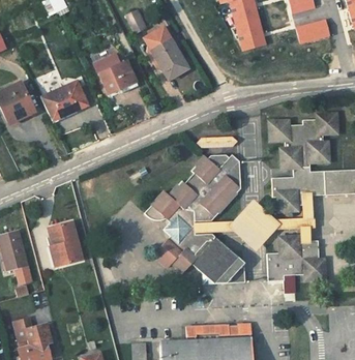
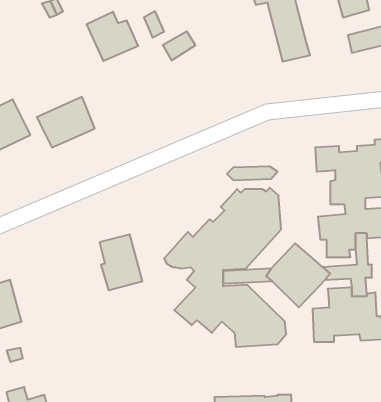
building: [151,37,188,78] -> none
building: [94,54,137,94] -> [87,12,138,61]
building: [48,221,83,267] -> [100,235,142,290]

